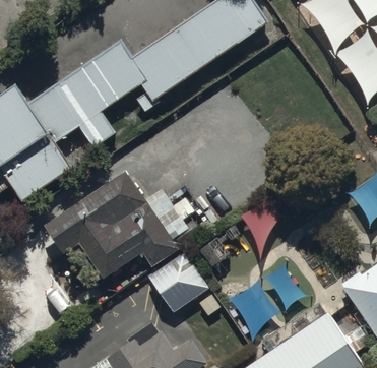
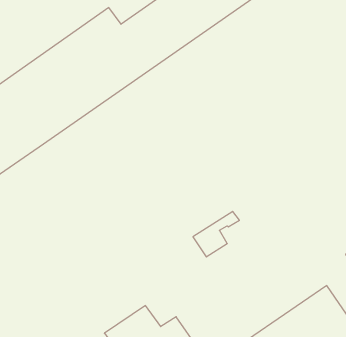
building: [41,171,168,292] -> none
building: [148,255,209,317] -> none

